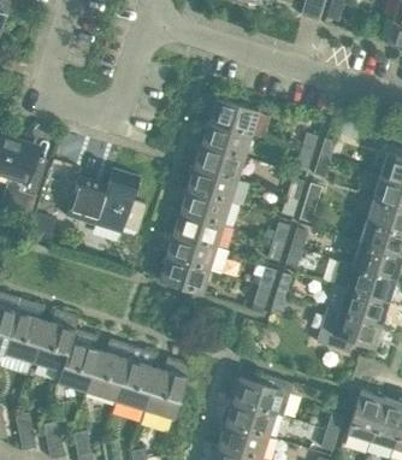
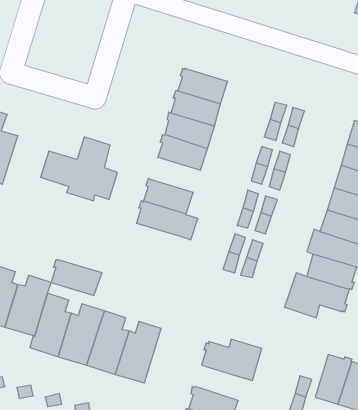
building: [181,189,231,225] -> none
building: [159,256,211,293] -> [51,260,102,295]
building: [226,401,276,437] -> none

